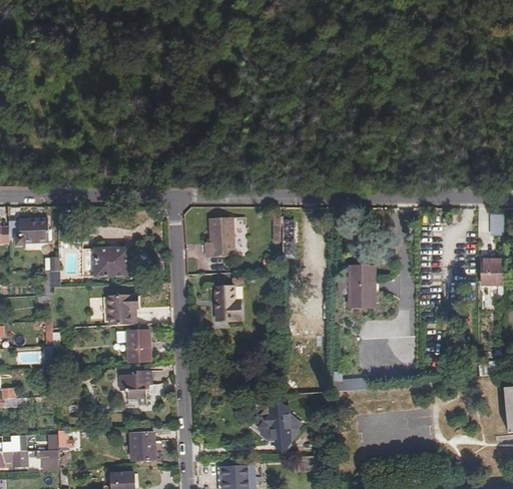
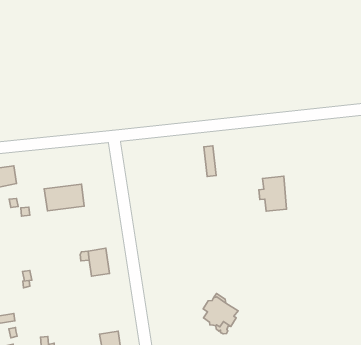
building: [209,218,235,257] -> none
building: [214,273,238,320] -> none
building: [103,295,136,326] -> none
building: [119,371,152,404] -> none

